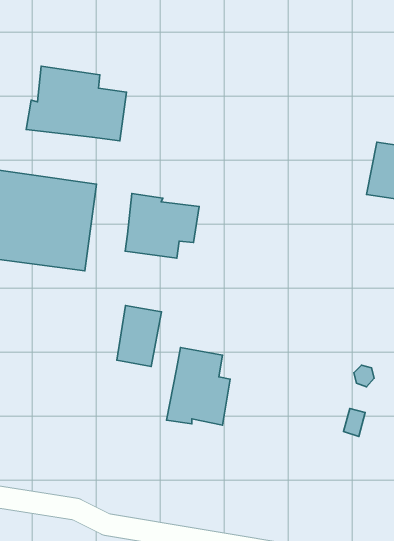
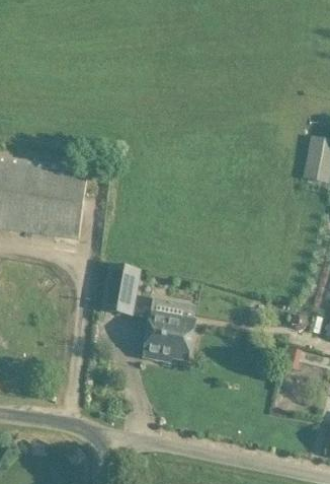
building: [26,66,126,141] -> none
building: [125,193,199,258] -> none

